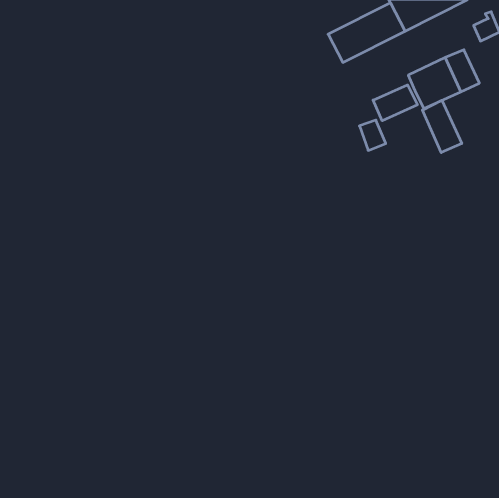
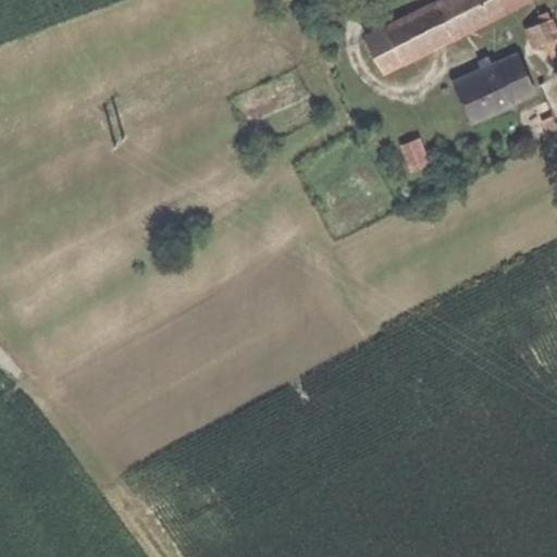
building: [373,85,417,121] -> none
building: [422,100,462,153] -> none

